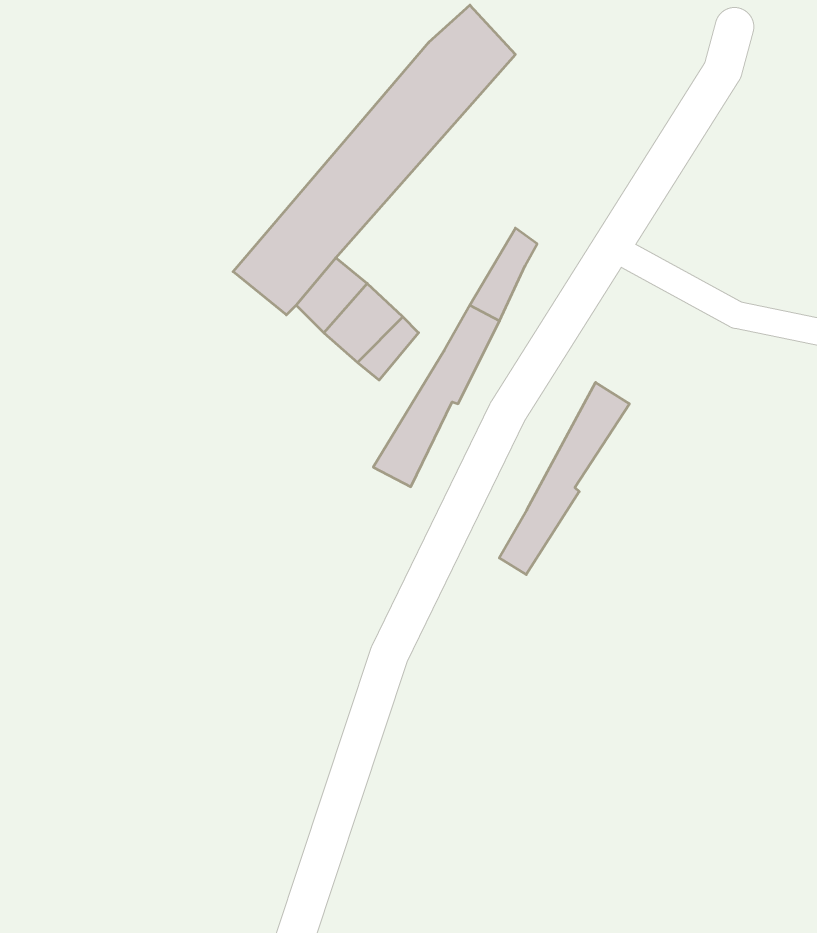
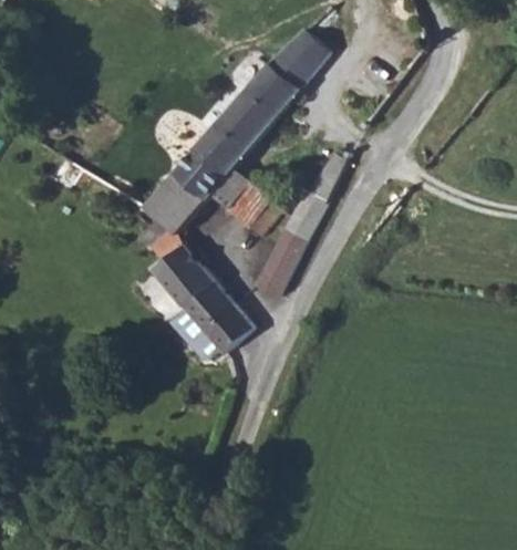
building: none -> [134,175,255,355]
building: [499,382,629,575] -> none

